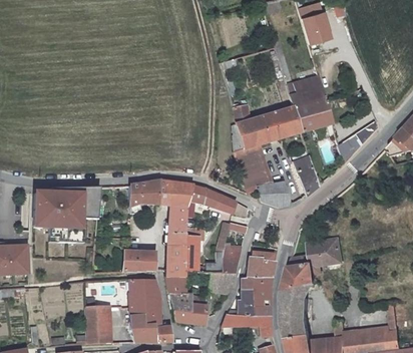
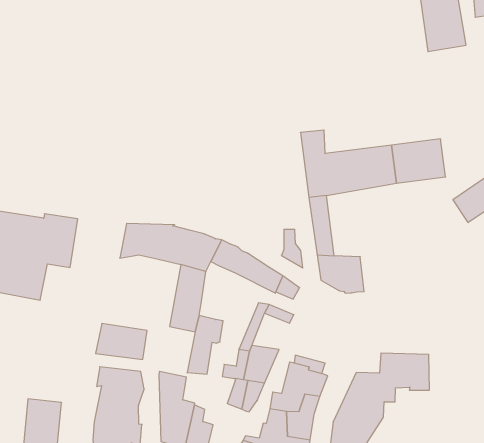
building: [287,75,325,106] -> none
building: [294,151,318,194] -> none
building: [166,246,185,277] -> none

